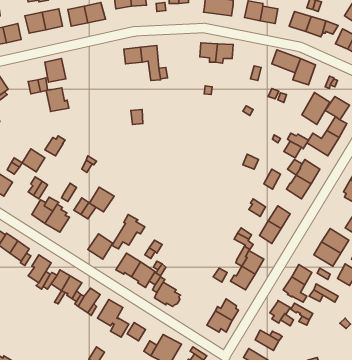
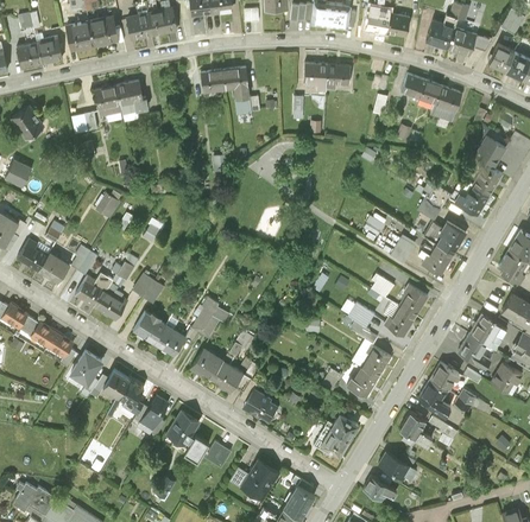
building: [46,88,69,112] -> [116,81,147,113]
building: [302,92,330,125] -> none
building: [22,149,45,172] -> [38,252,69,282]
building: [90,187,114,212] -> [133,310,166,343]

